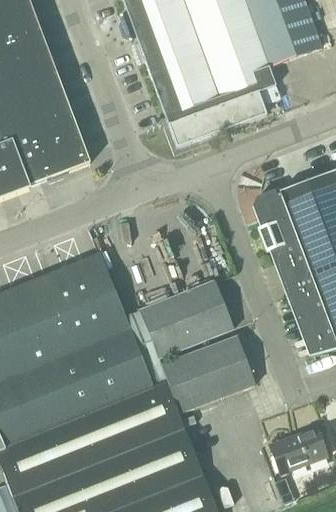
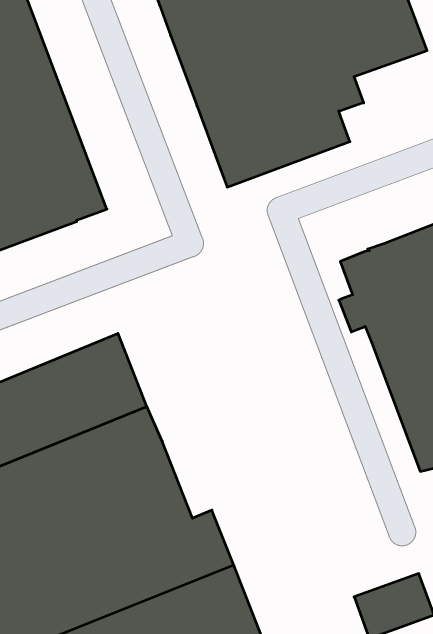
building: [140,280,233,358] -> none
building: [161,335,255,412] -> none

